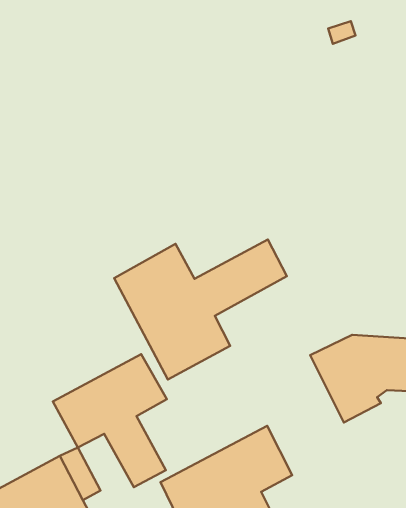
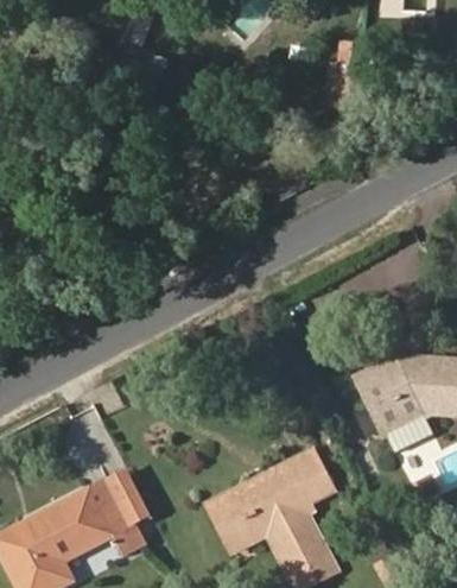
building: [114,240,287,379] -> none
building: [53,354,167,487] -> none

